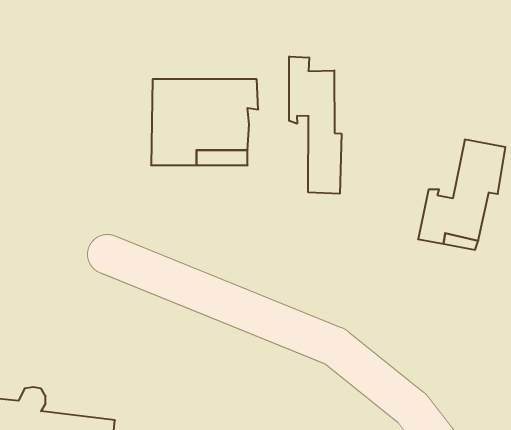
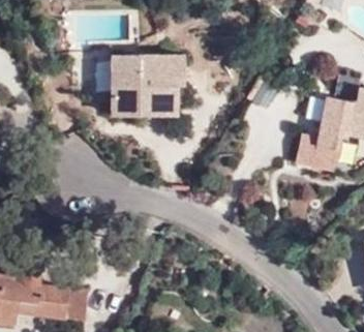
building: [289,56,341,194] -> none

